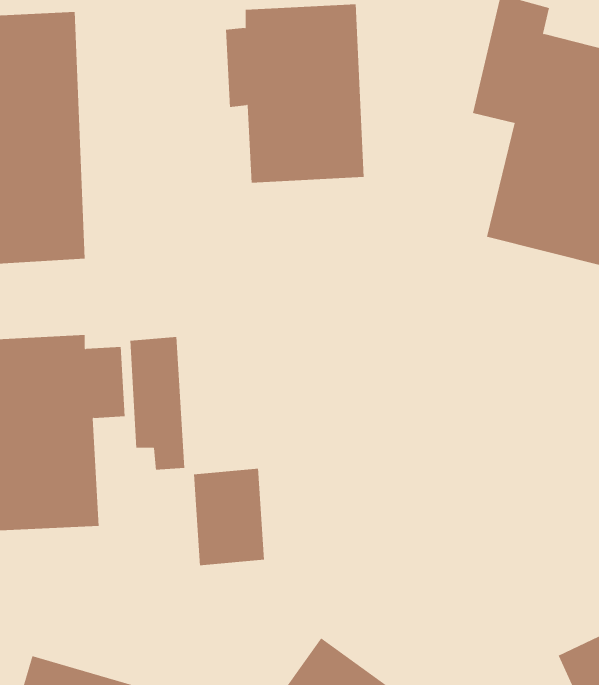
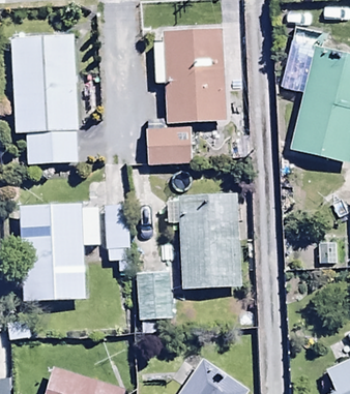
building: none -> [144,127,194,166]
building: none -> [168,193,249,289]

